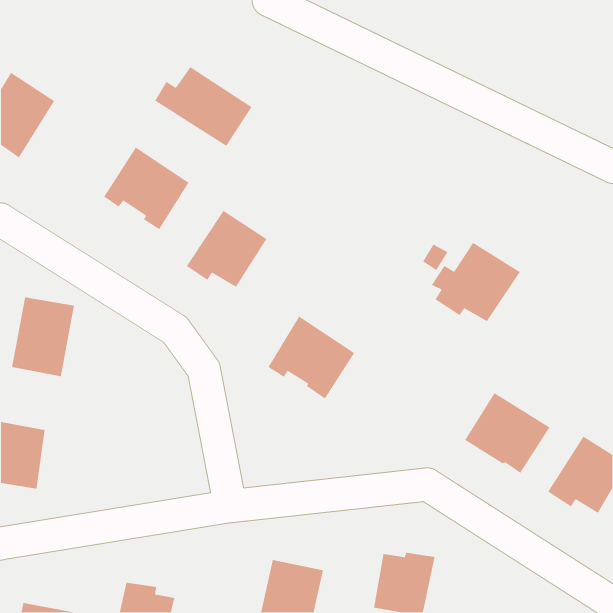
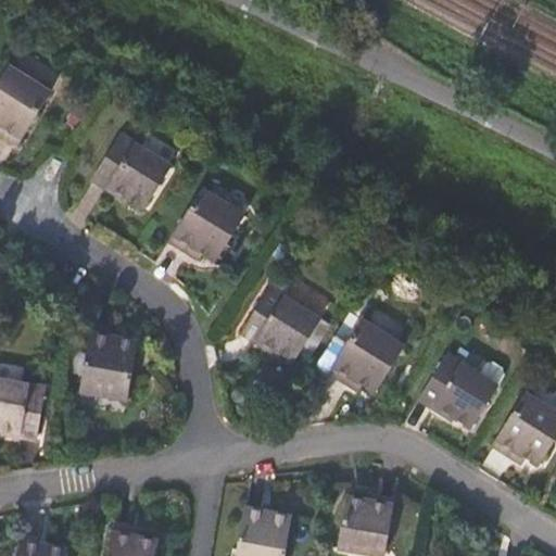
building: [154,66,252,147] -> none
building: [431,242,521,322] -> [325,318,406,391]
building: [11,297,75,377] -> [77,328,135,401]

